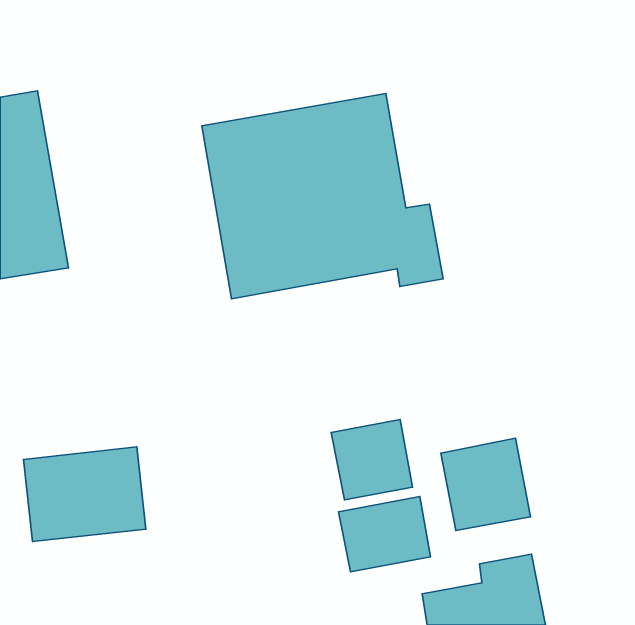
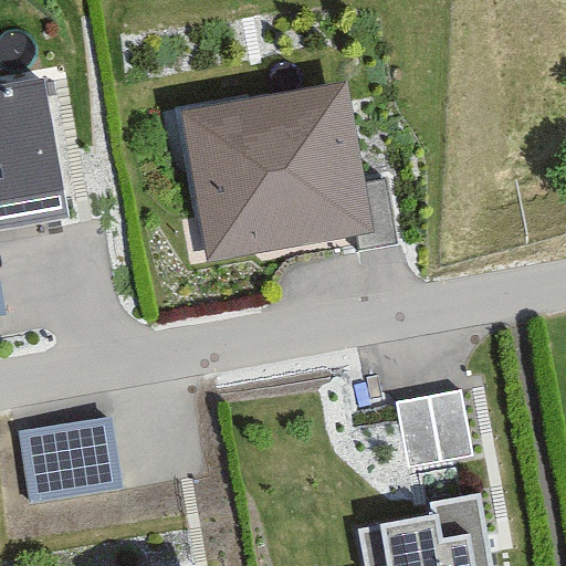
building: [331,419,413,500] -> none
building: [338,496,431,572] -> none

